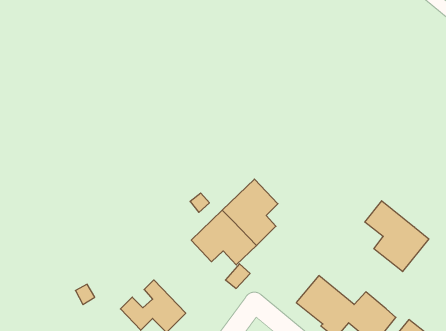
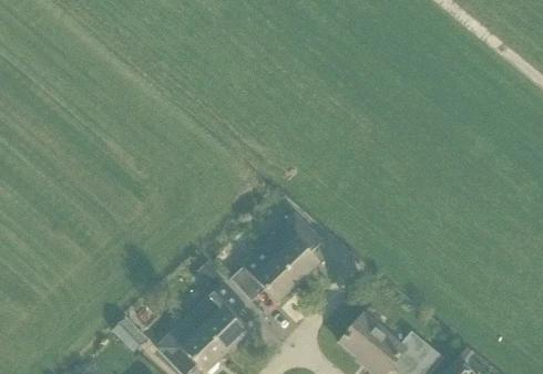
building: [365,201,429,272] -> none
building: none -> [188,285,253,353]

